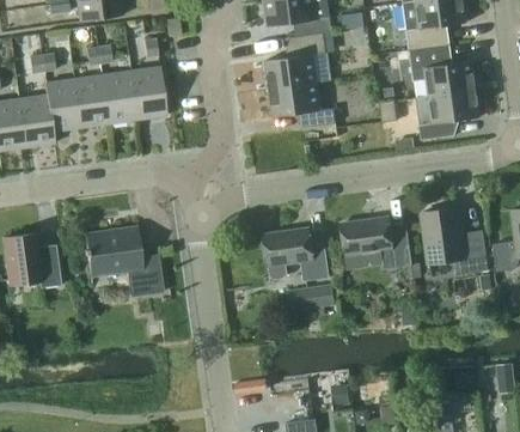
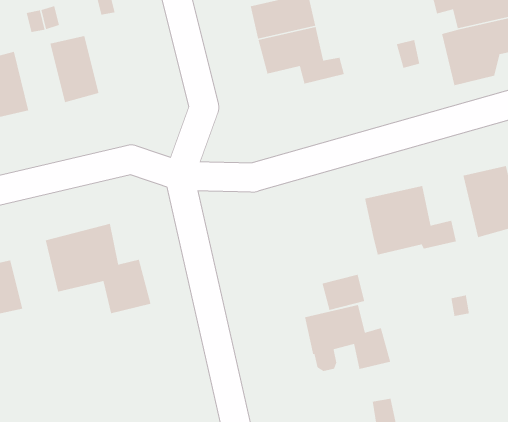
building: [130,66,165,118] -> none
building: [73,74,109,127] -> none
building: [263,227,329,280] -> [304,304,391,372]

